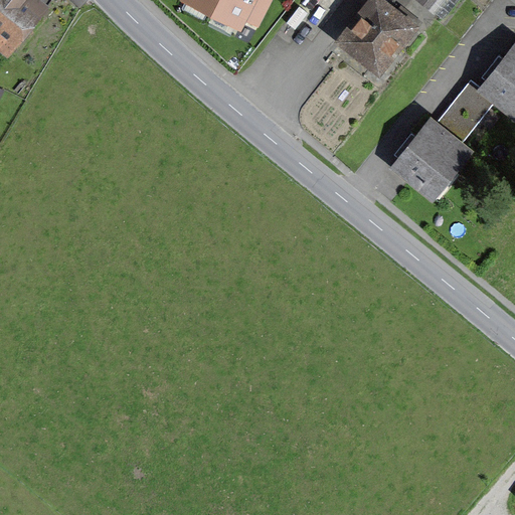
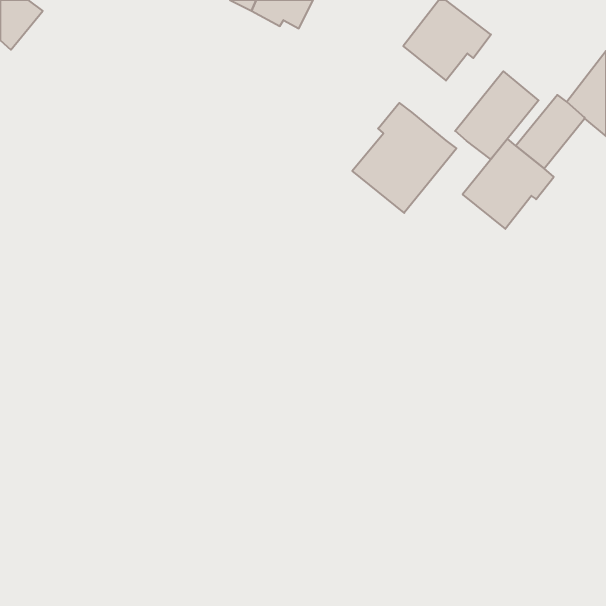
building: none -> [455,71,539,159]
building: none -> [352,103,456,213]

